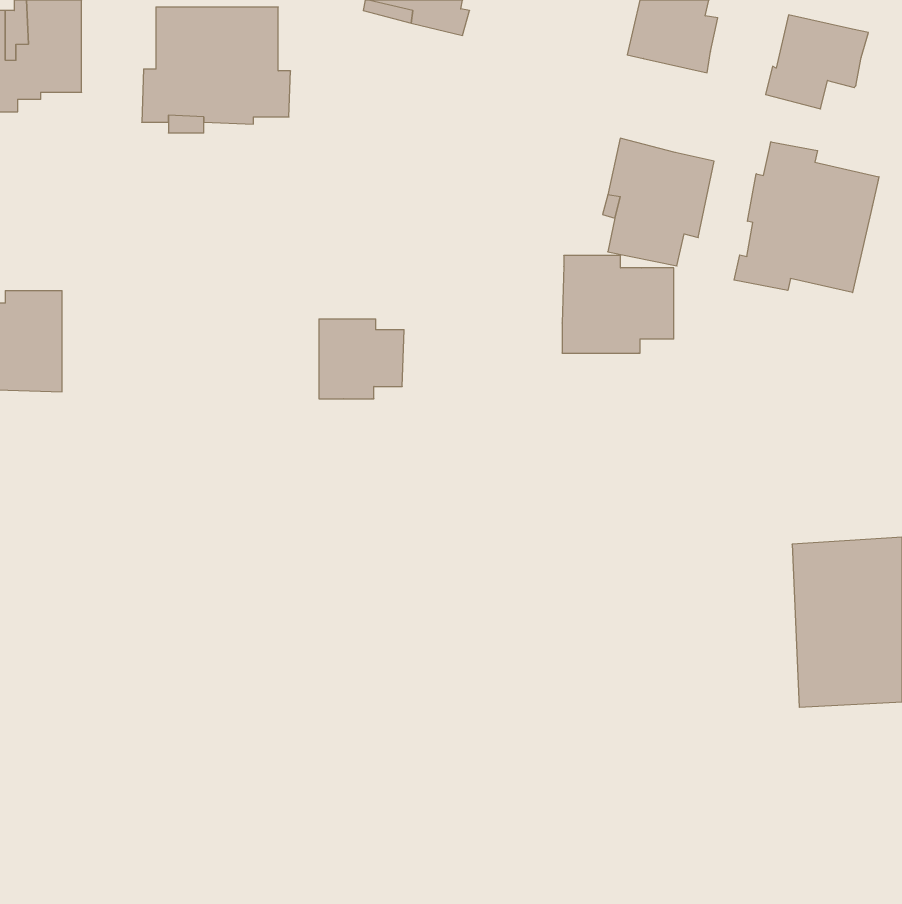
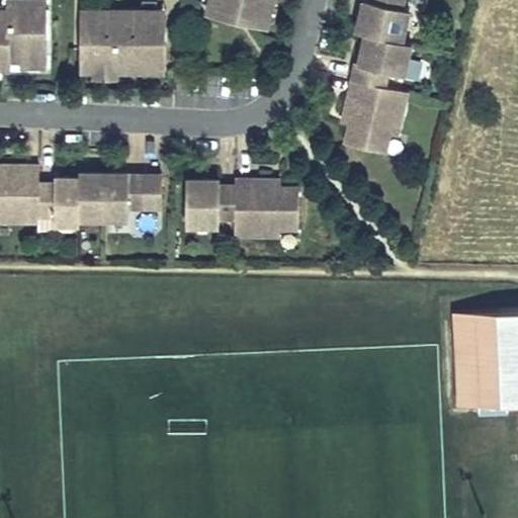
building: [766,15,868,109] -> [354,34,413,88]
building: [734,142,879,293] -> none
building: [562,256,674,353] -> [230,183,293,239]
building: none -> [35,173,158,221]

